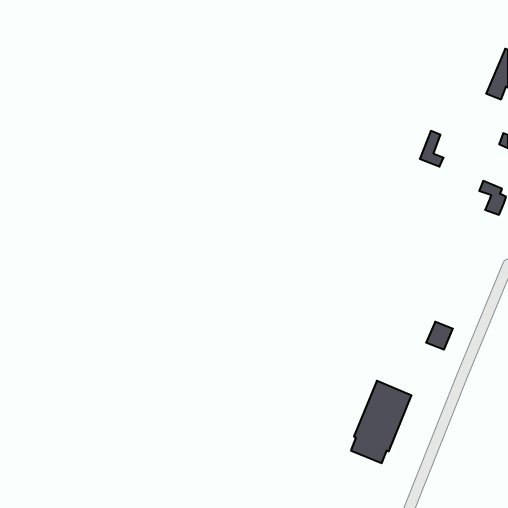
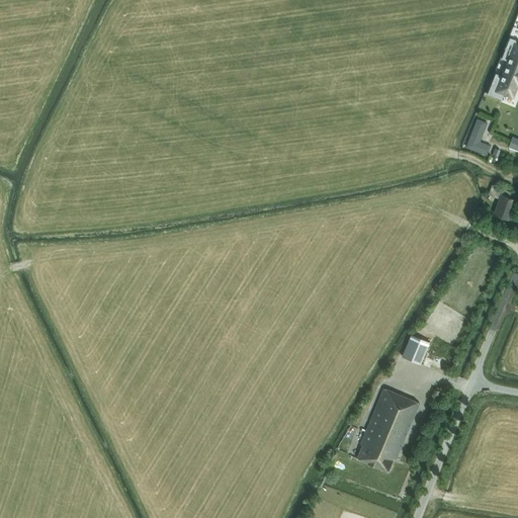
building: [420,131,444,167] -> [465,118,490,155]
building: [426,322,453,350] -> [402,335,429,363]

